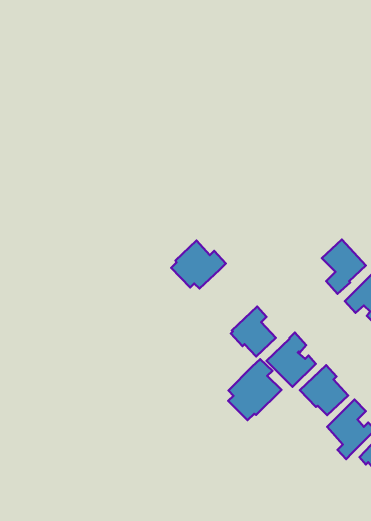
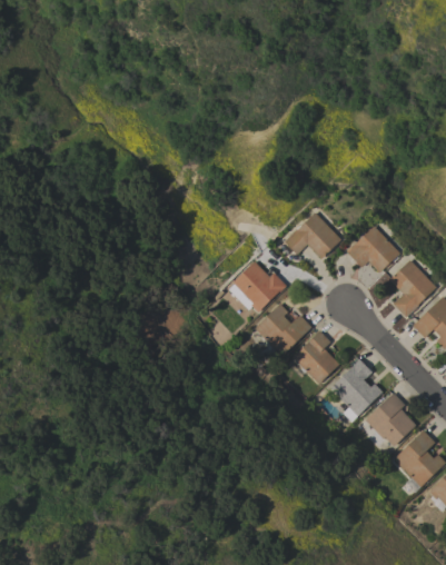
building: none -> [285,212,341,258]
building: none -> [347,226,400,272]
building: none -> [255,303,311,356]
building: [228,359,281,420] -> none

